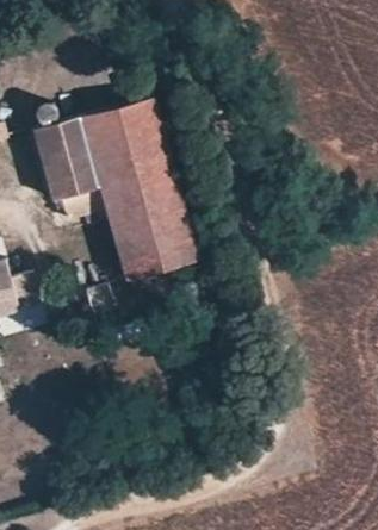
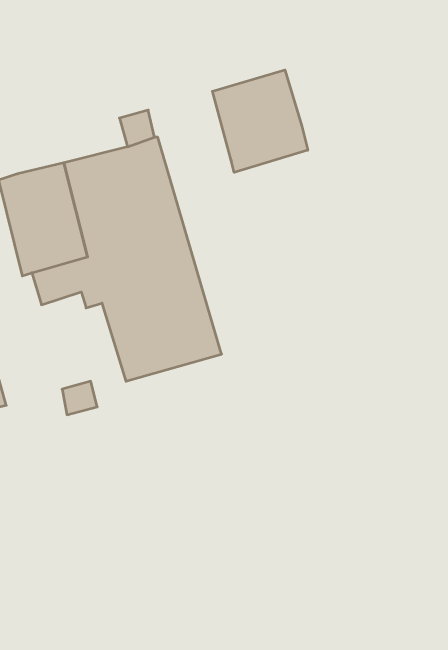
building: none -> [212,70,308,172]

